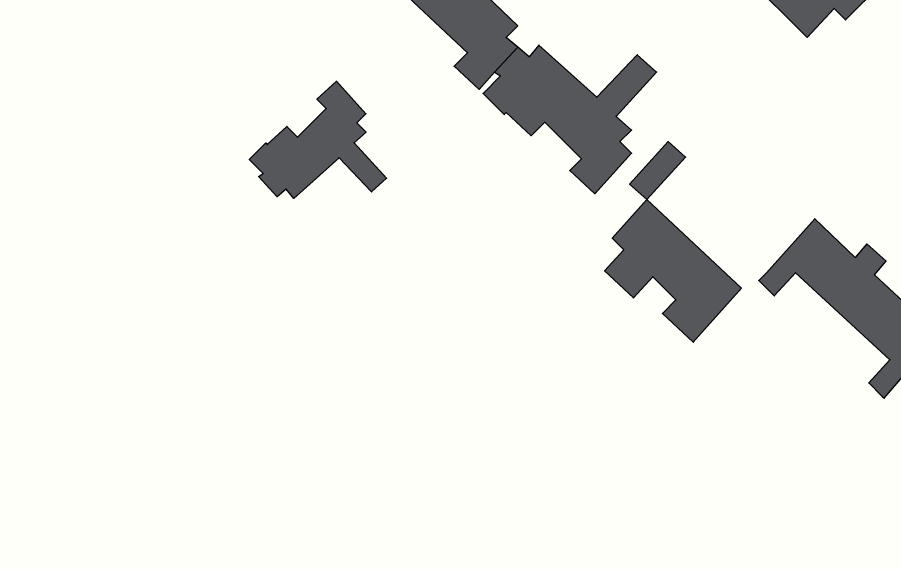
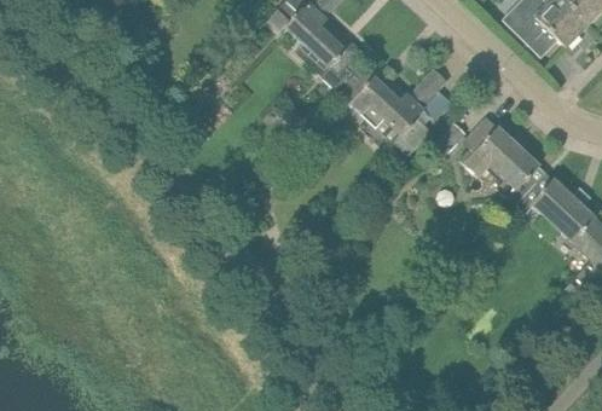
building: [249,81,387,198] -> none
building: [605,199,741,342] -> [459,115,545,204]

